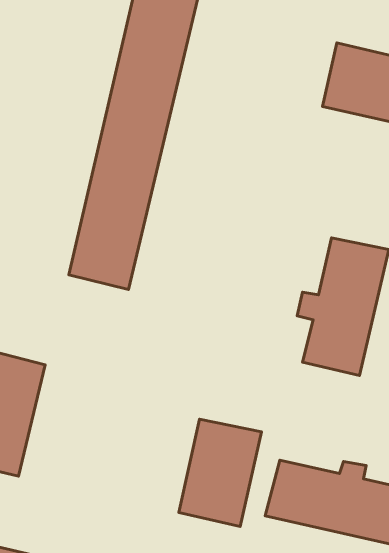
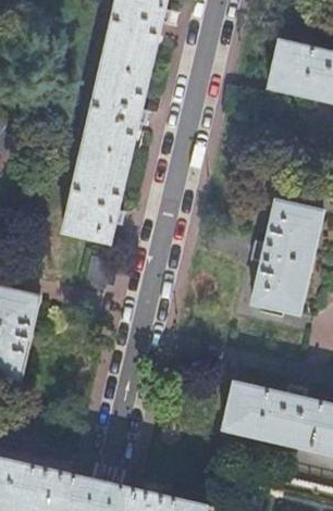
building: [179,419,262,527] -> none

